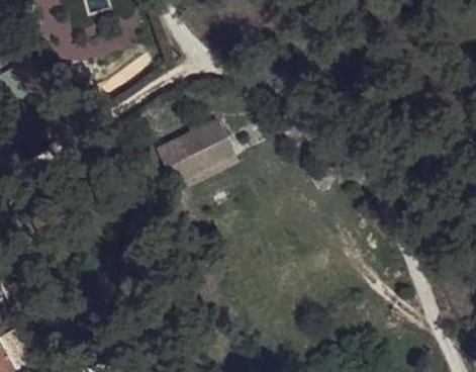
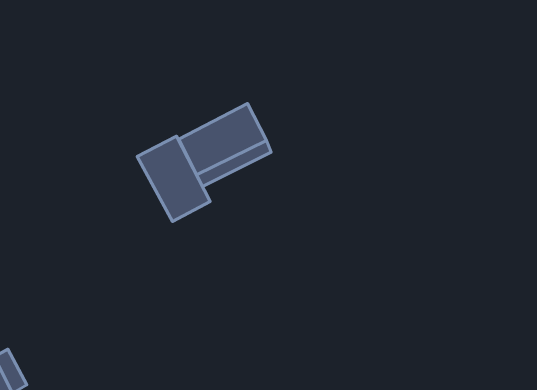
building: none -> [137,136,210,221]

